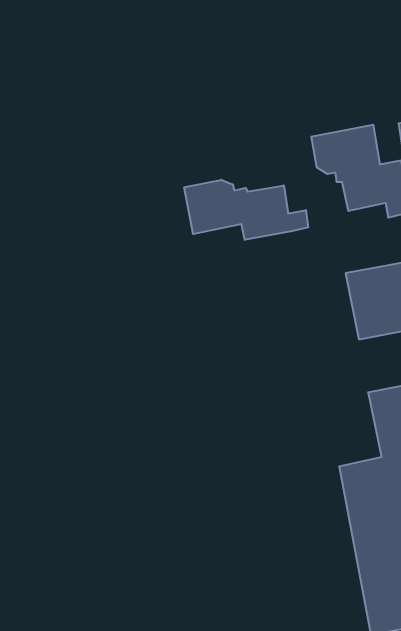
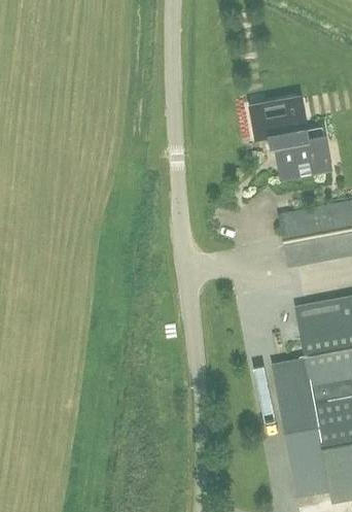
building: [184,180,308,240] -> none

